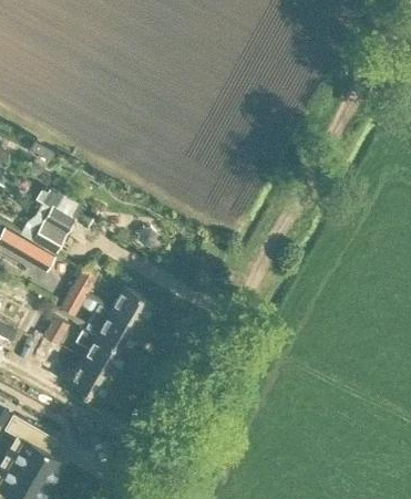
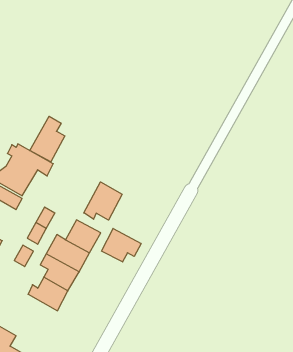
building: none -> [30,116,65,162]
building: none -> [84,182,122,220]
building: none -> [102,228,141,262]

